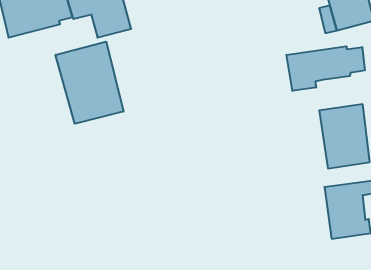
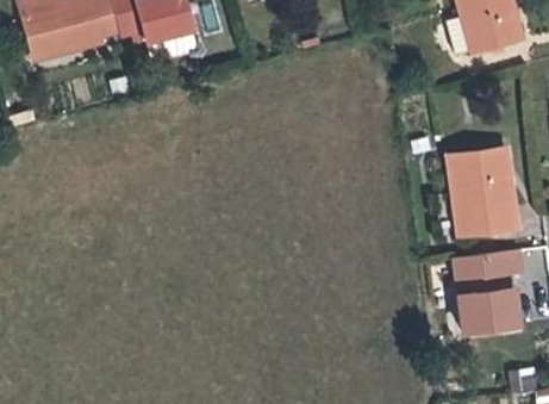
building: [56,42,123,124] -> none
building: [287,46,365,91] -> none

